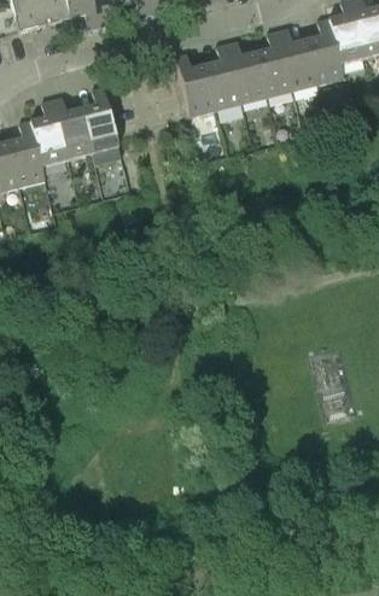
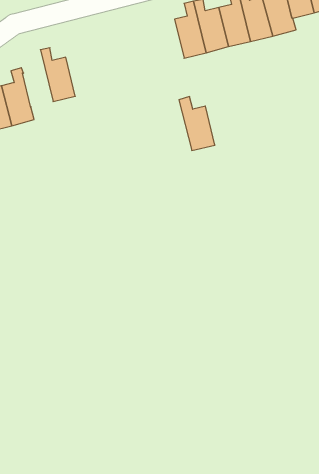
building: [174,53,215,115] -> [179,97,215,150]
building: [80,87,117,152] -> none
building: [29,99,65,165] -> none

